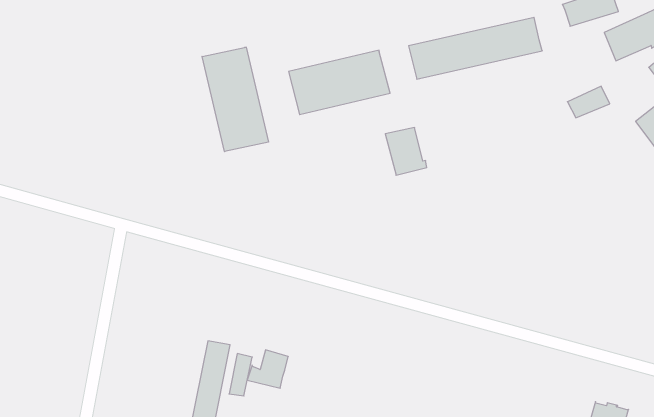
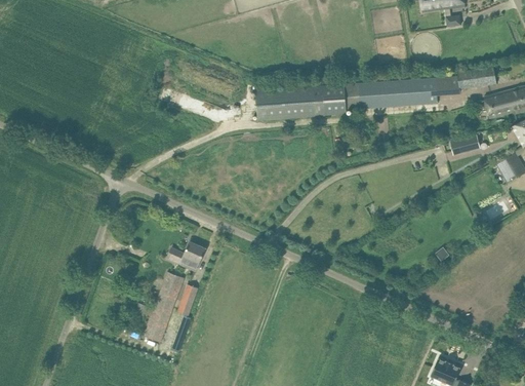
building: none -> [436,76,460,94]
building: [202,47,268,152] -> none
building: [385,128,427,175] -> [322,84,348,116]
building: [247,350,288,388] -> [173,241,205,270]

